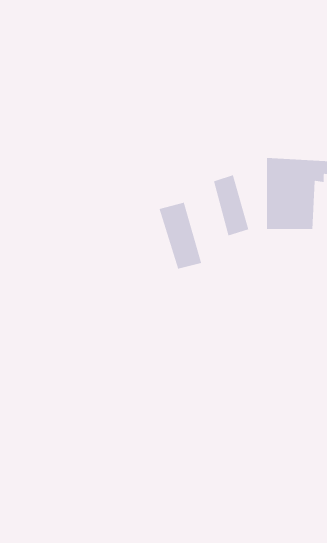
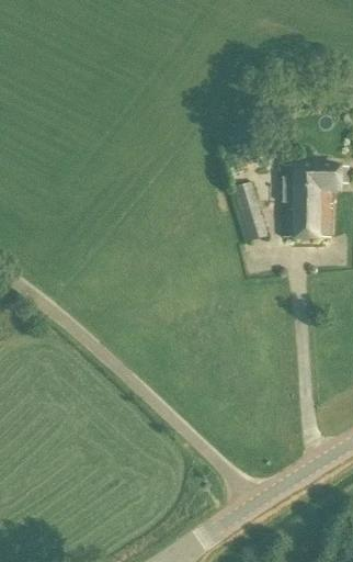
building: [159,202,202,269] -> none

